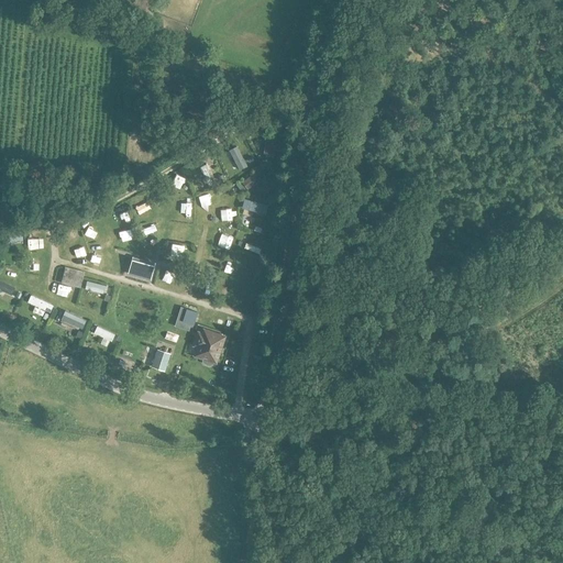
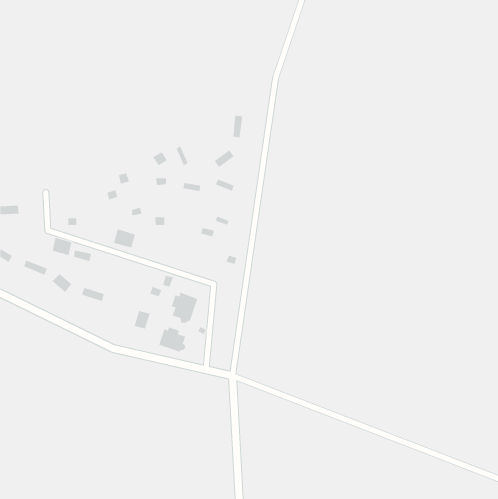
building: none -> [159,327,186,352]

